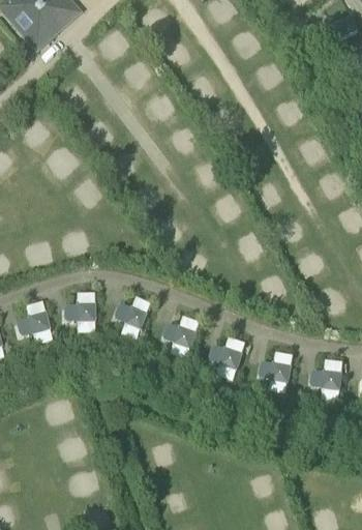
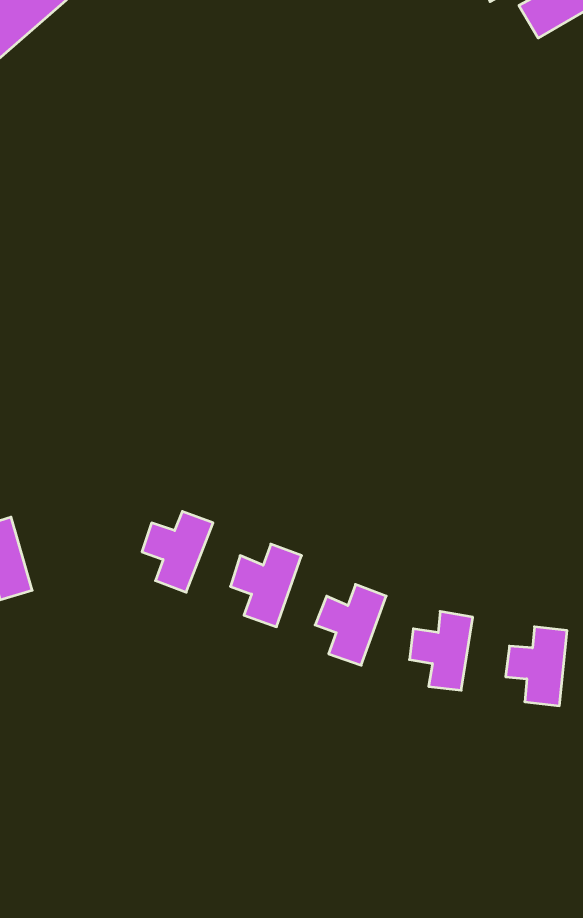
building: [63,290,95,331] -> none

